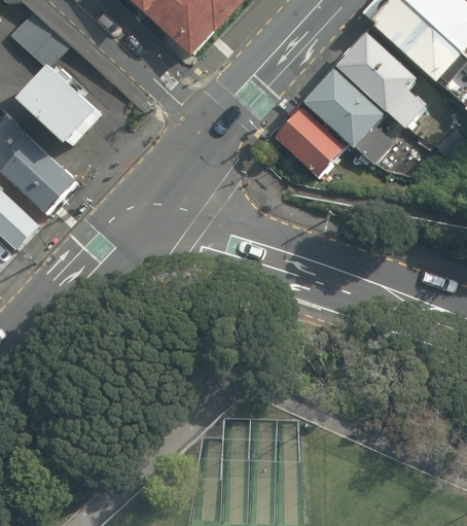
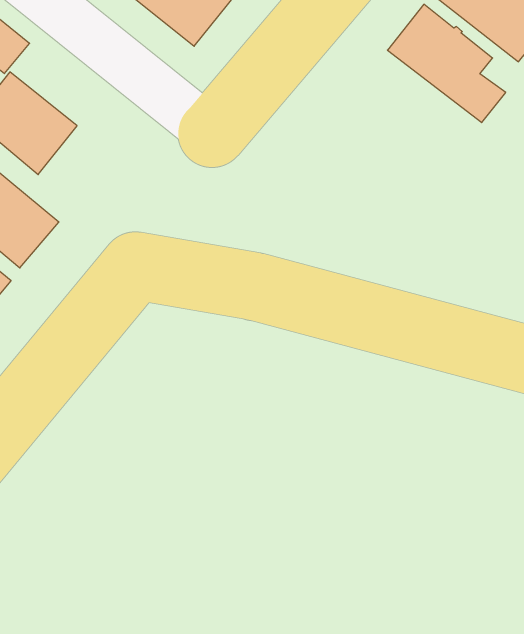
building: [302,69,393,163] -> none
building: [274,104,343,175] -> none

